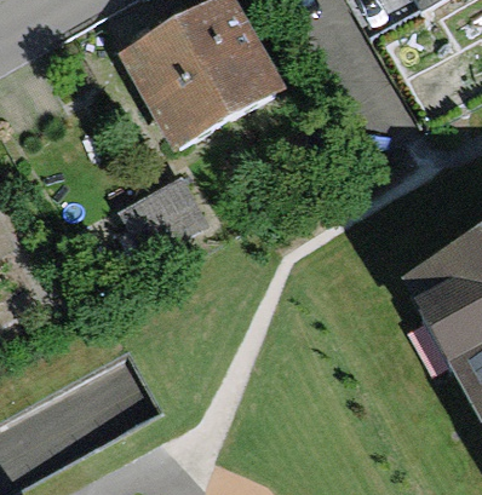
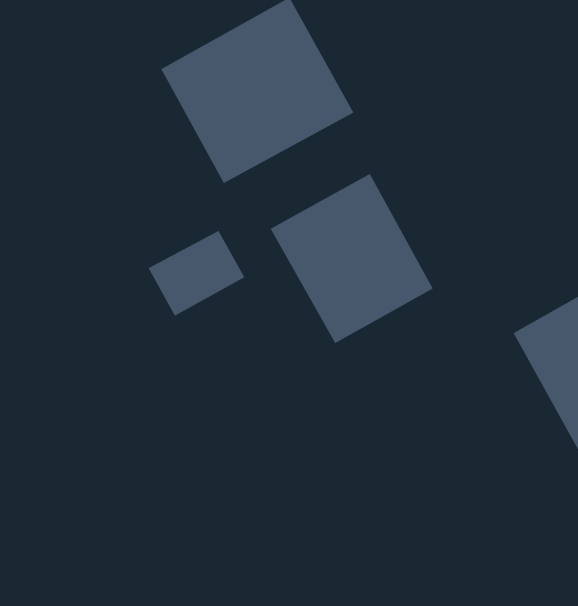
building: none -> [270,173,434,344]

